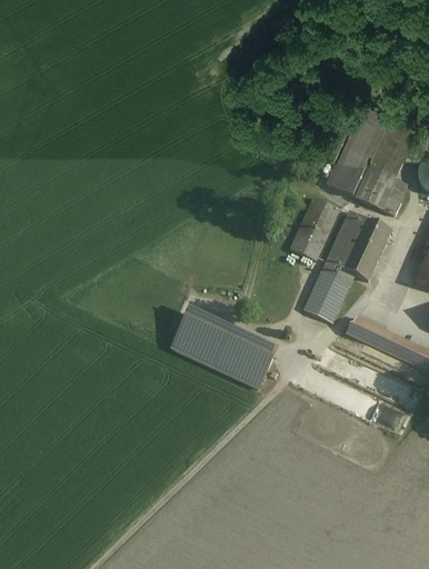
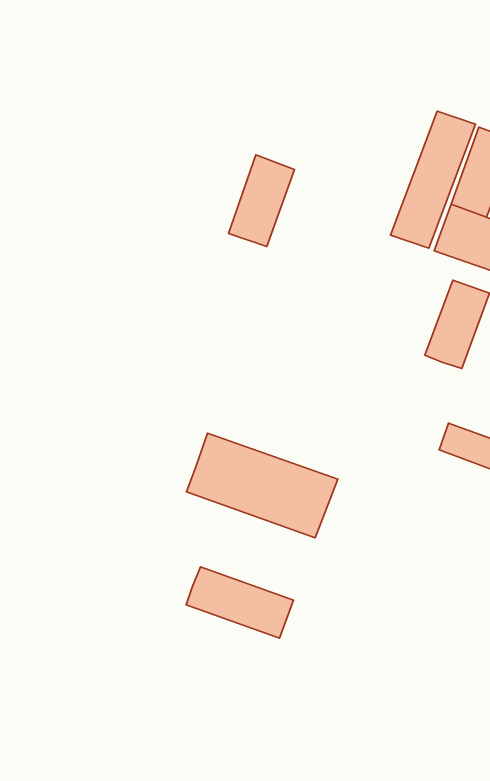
building: [290,196,339,259] -> [228,155,294,246]
building: [303,209,367,321] -> none
building: none -> [186,567,293,638]

